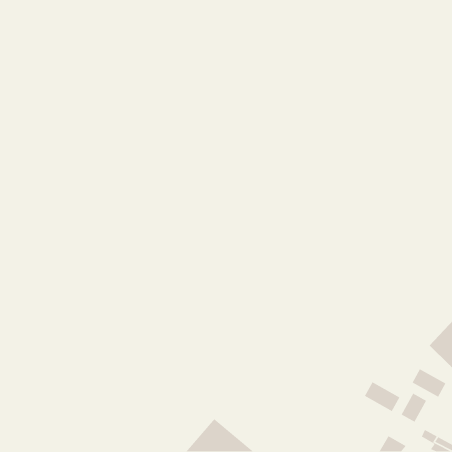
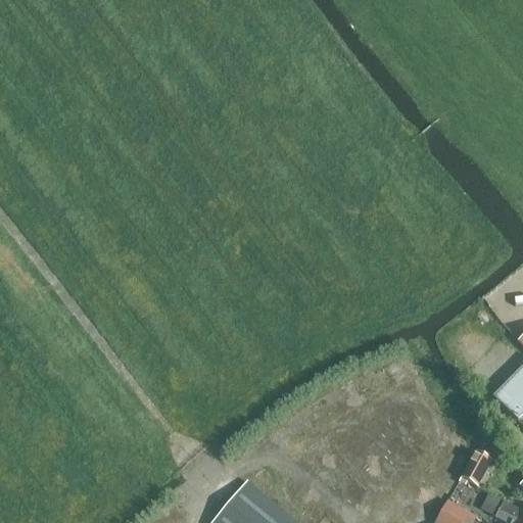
building: [412,368,447,398] -> none
building: [364,381,400,412] -> none

